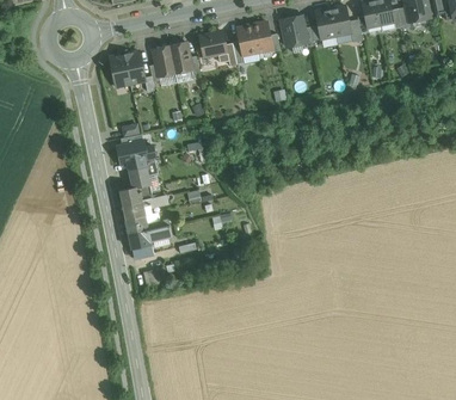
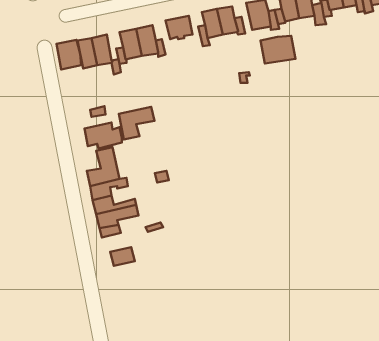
building: none -> [261,36,295,64]
building: none -> [57,40,81,69]
building: none -> [119,107,154,139]

